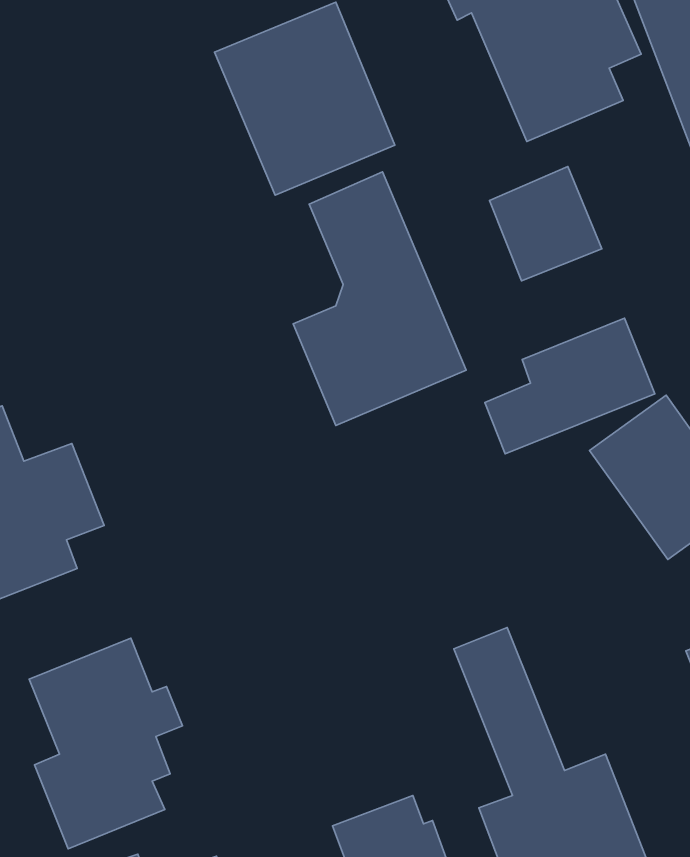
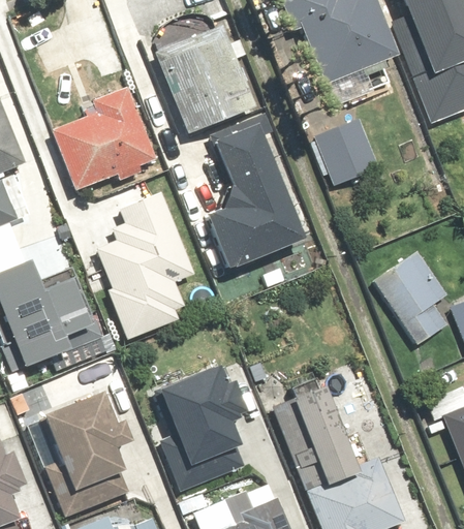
building: none -> [53,88,154,189]
building: none -> [96,194,192,340]
building: [485,318,655,454] -> none
building: none -> [161,360,251,487]

